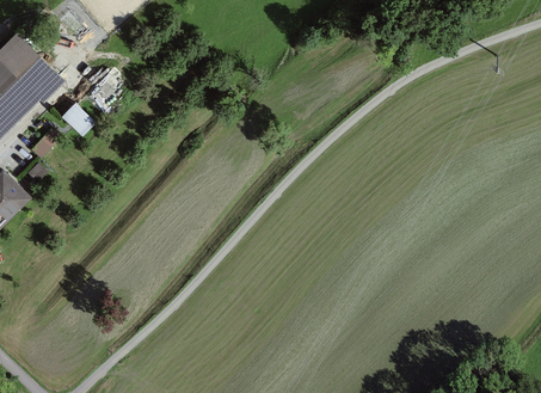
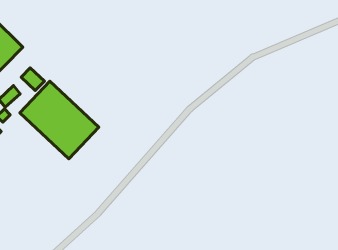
building: none -> [20,81,99,159]

